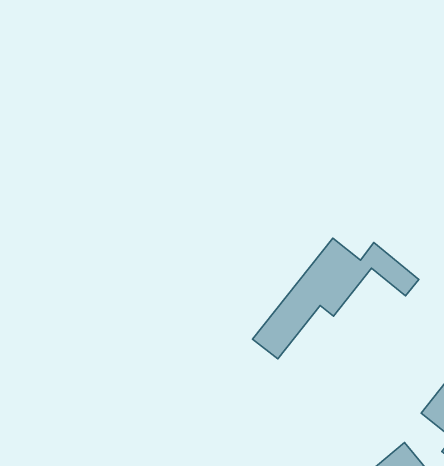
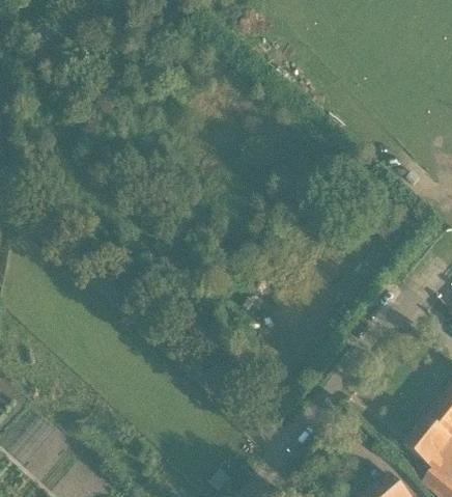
building: [252,238,419,359] -> none

